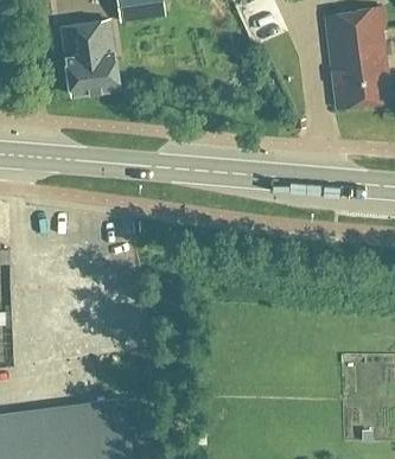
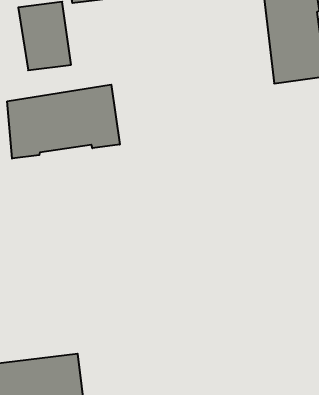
building: none -> [7,85,120,159]

